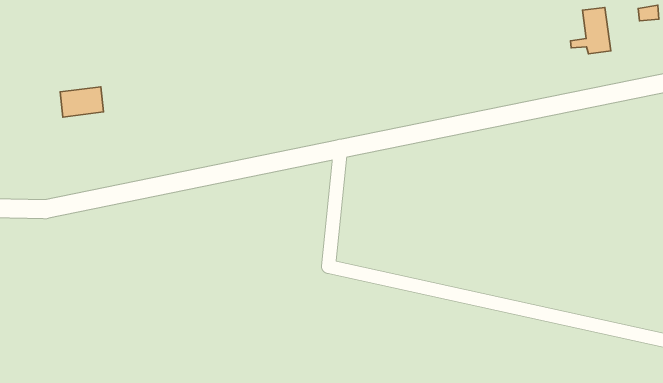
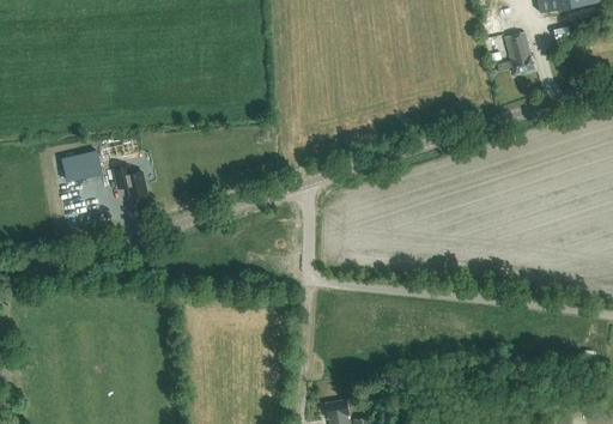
building: none -> [115,166,148,196]

